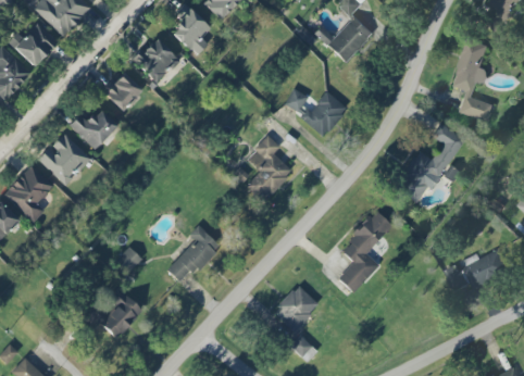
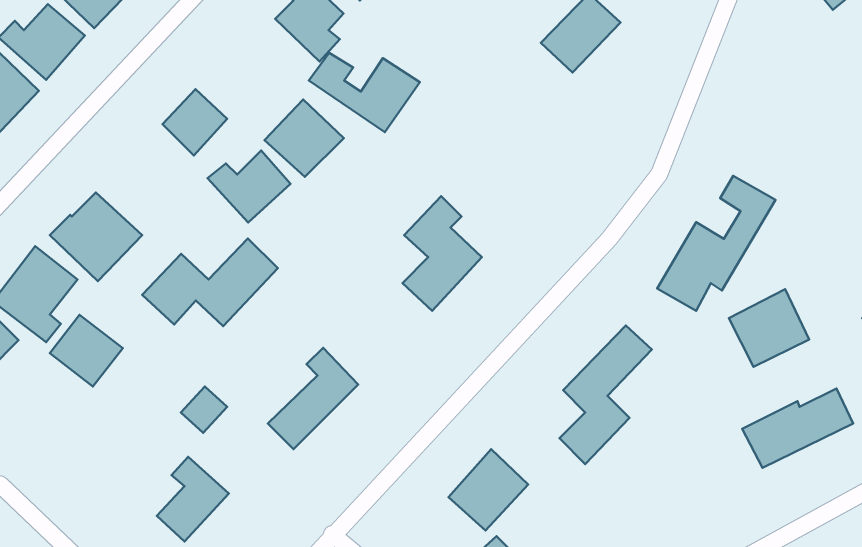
building: [133,37,179,83] -> [264,99,344,177]
building: [452,38,494,122] -> none
building: [283,88,348,135] -> [309,53,420,132]
building: [70,106,118,149] -> [207,151,291,223]
building: none -> [142,239,278,326]
building: none -> [729,289,809,367]
building: none -> [50,315,123,386]

